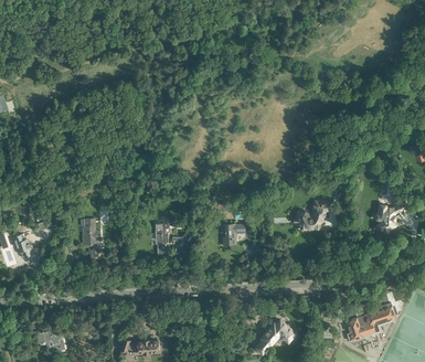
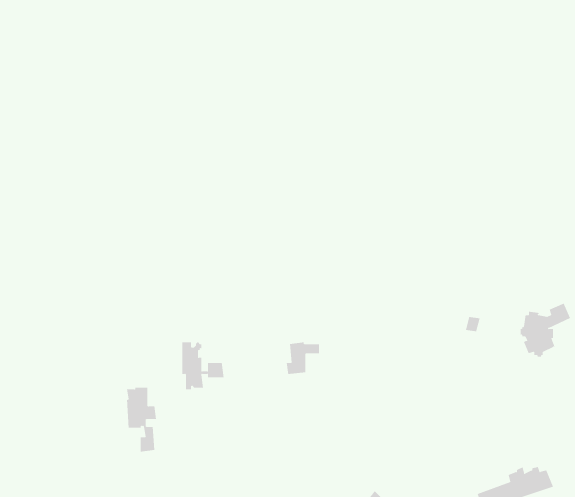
building: [296,201,327,230] -> none
building: [81,217,100,259] -> [126,387,157,452]

